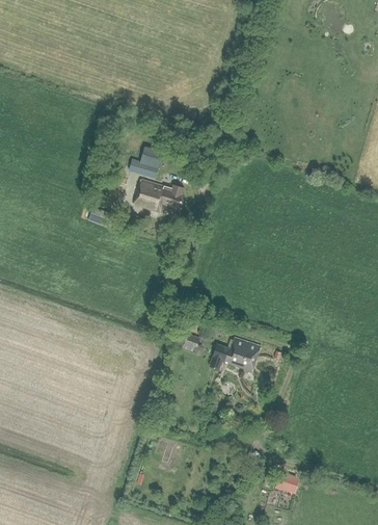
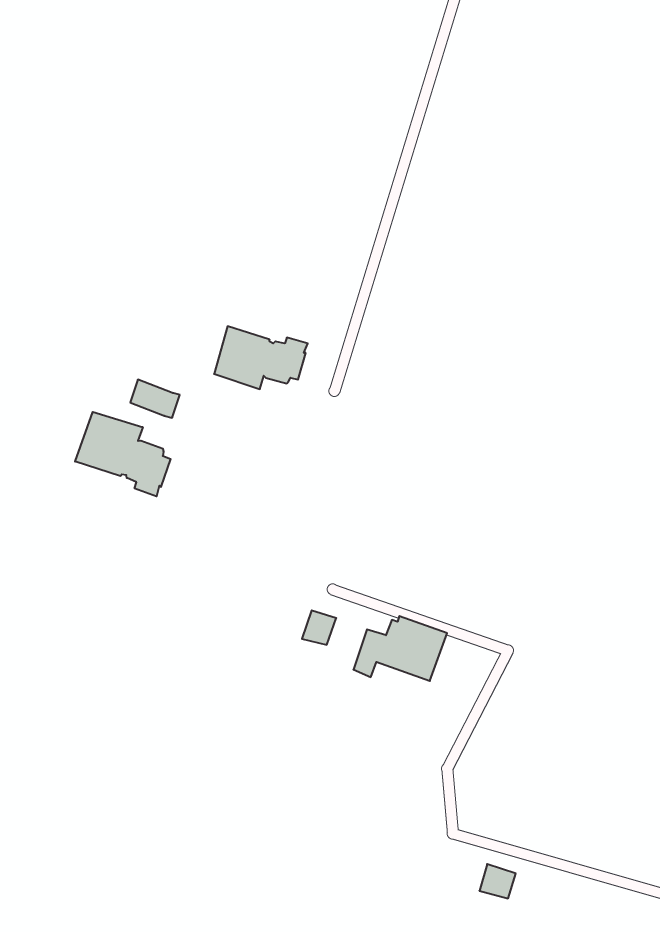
building: [129,149,162,179] -> none
building: none -> [75,412,171,496]

